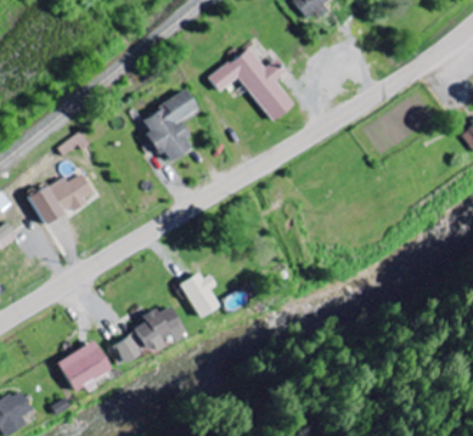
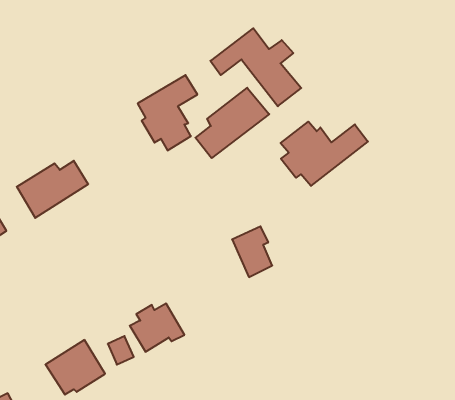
building: none -> [195,88,269,158]
building: none -> [281,122,368,186]
building: [181,271,219,318] -> [232,226,272,277]

